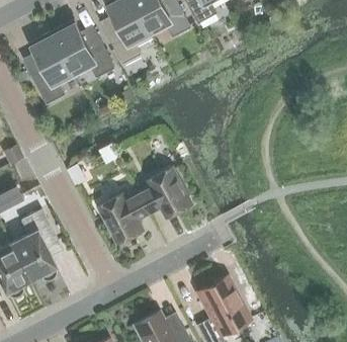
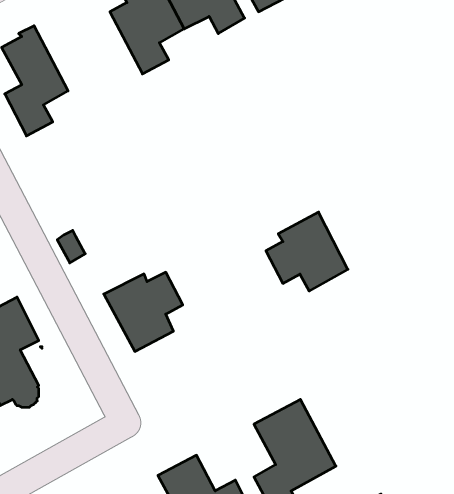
building: [53,22,114,77] -> none
building: [139,167,192,219] -> [266,212,348,291]

